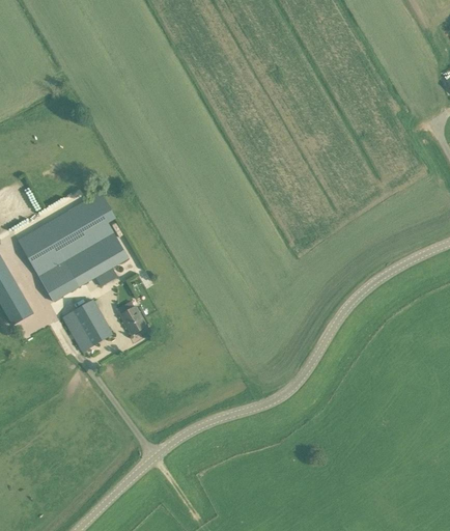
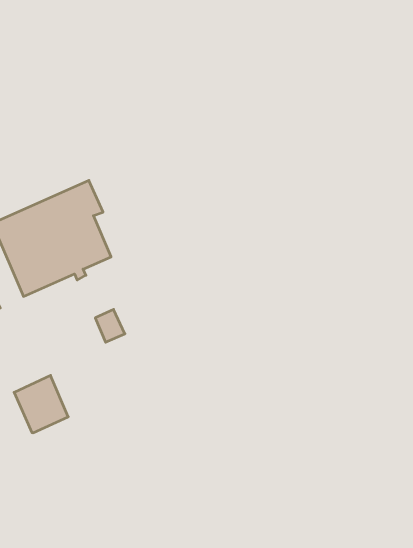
building: [61,299,112,352] -> [14,375,68,433]

